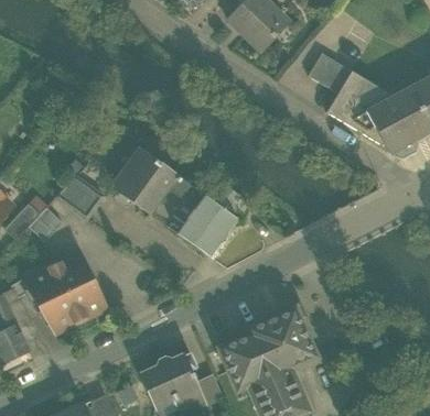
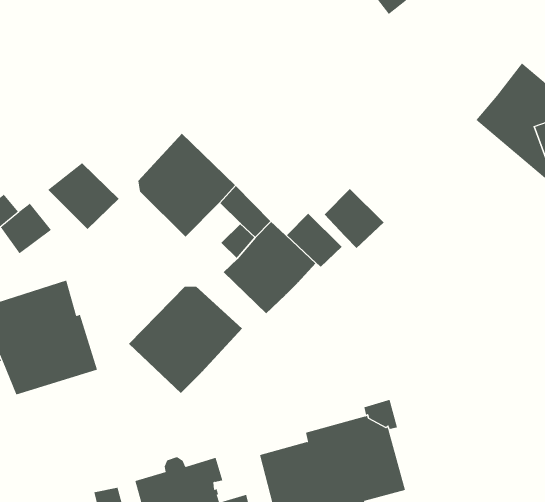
building: [308,54,351,94] -> none
building: none -> [324,188,385,249]
building: none -> [128,286,243,394]

